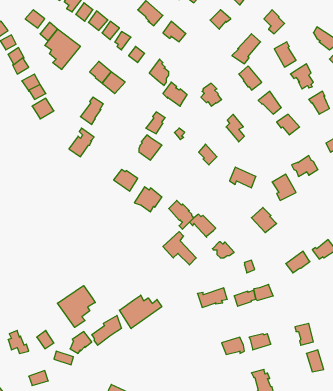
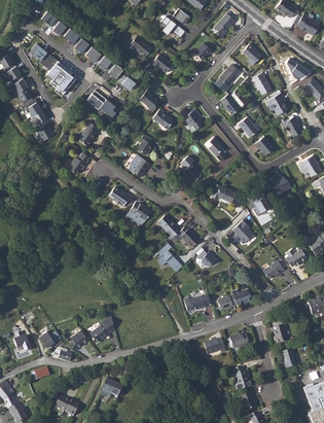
building: [57,286,95,327] -> none
building: [119,295,162,329] -> none

